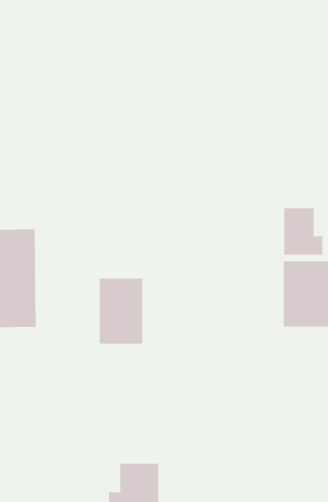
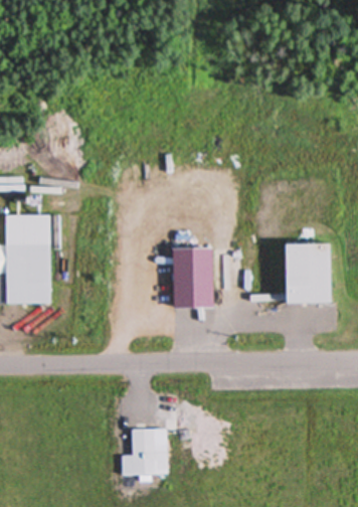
building: [284,208,323,256] -> none
building: [99,278,143,344] -> [172,247,212,308]

